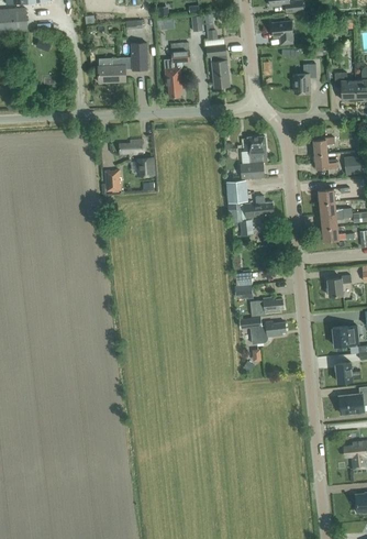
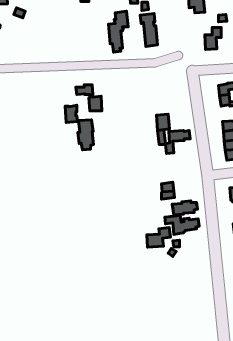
building: [99,43,147,83] -> none
building: [241,135,266,178] -> none
building: none -> [78,120,94,150]
building: none -> [147,228,171,247]

